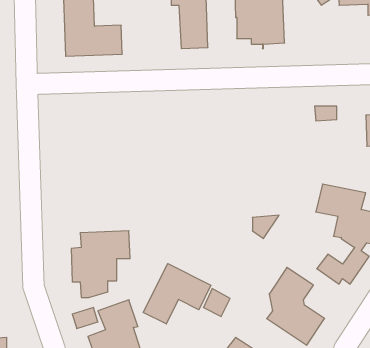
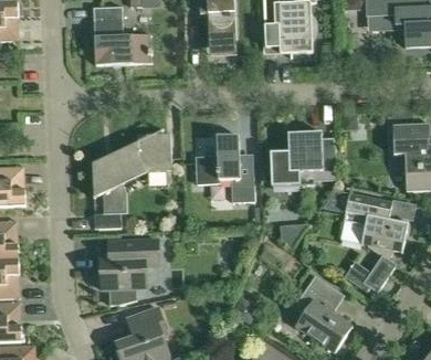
building: none -> [270,131,336,186]
building: none -> [92,133,171,231]
building: none -> [195,135,254,202]
building: [143,264,211,324] -> none

